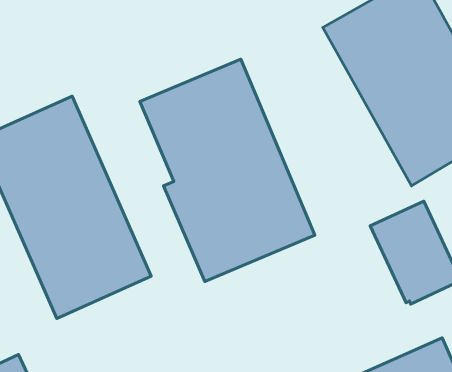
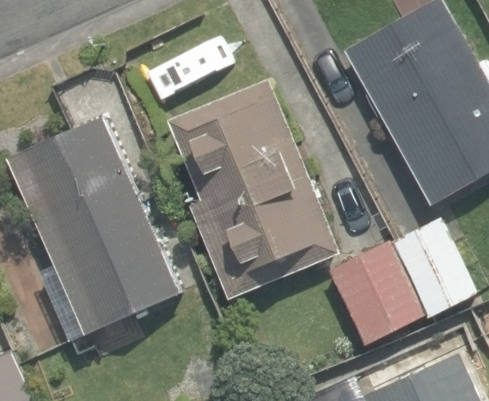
building: none -> [330,243,425,346]

